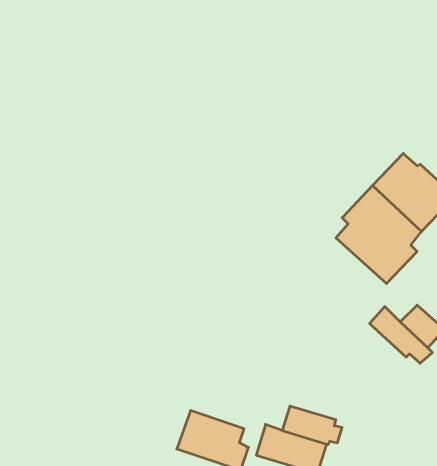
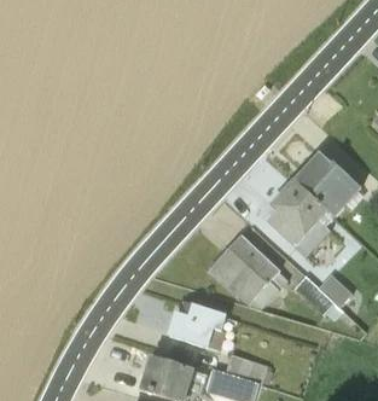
building: none -> [209,237,287,308]
building: none -> [168,302,225,349]

